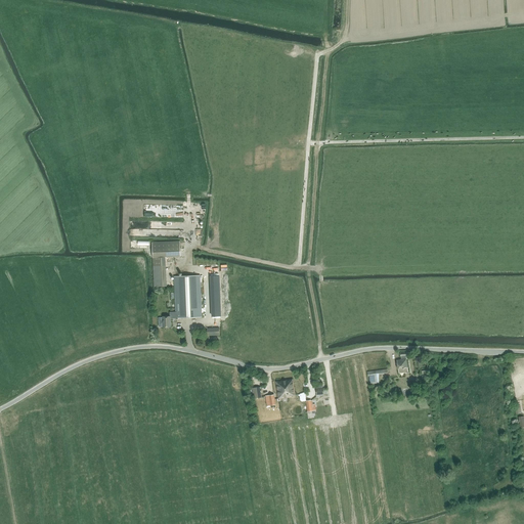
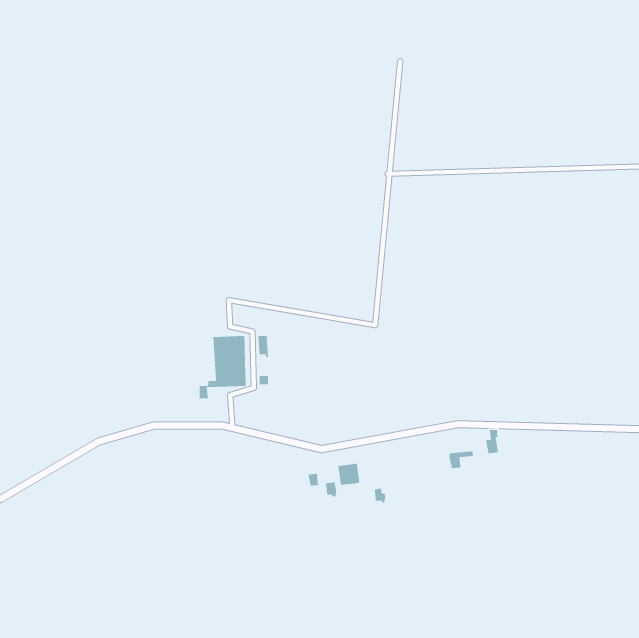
building: [152,241,180,286] -> none

